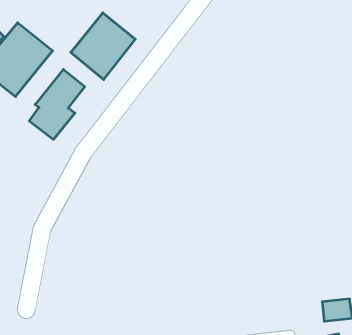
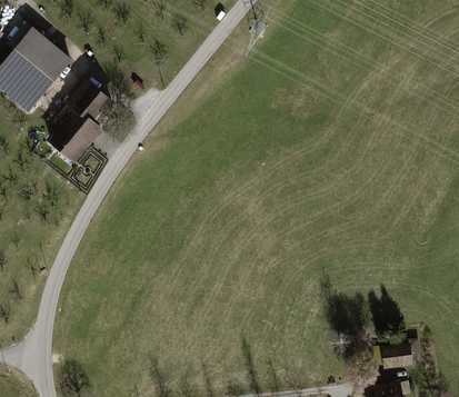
building: [71,13,135,80] -> none

